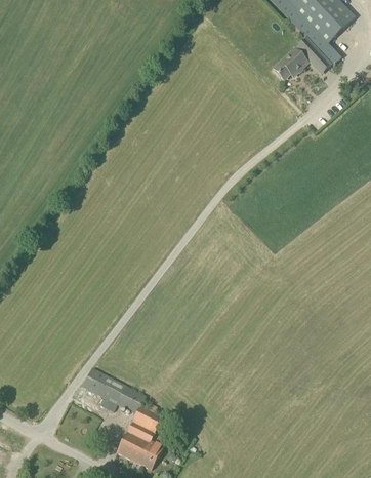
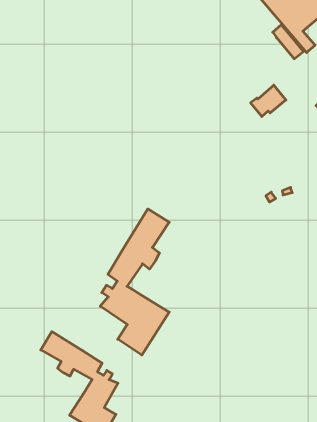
building: [272,48,307,81] -> [251,85,286,117]
building: none -> [100,209,169,355]

